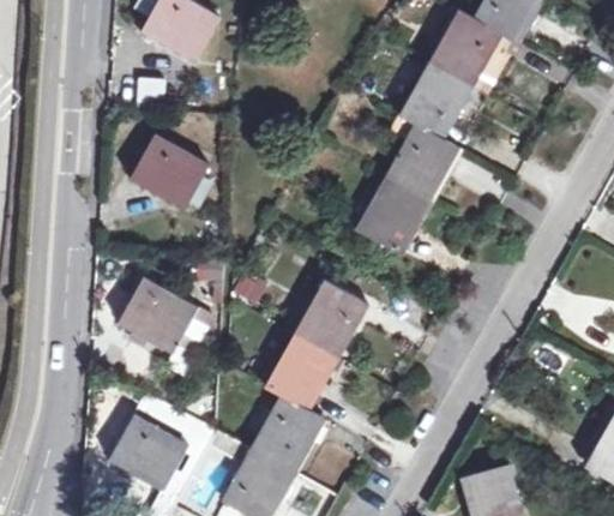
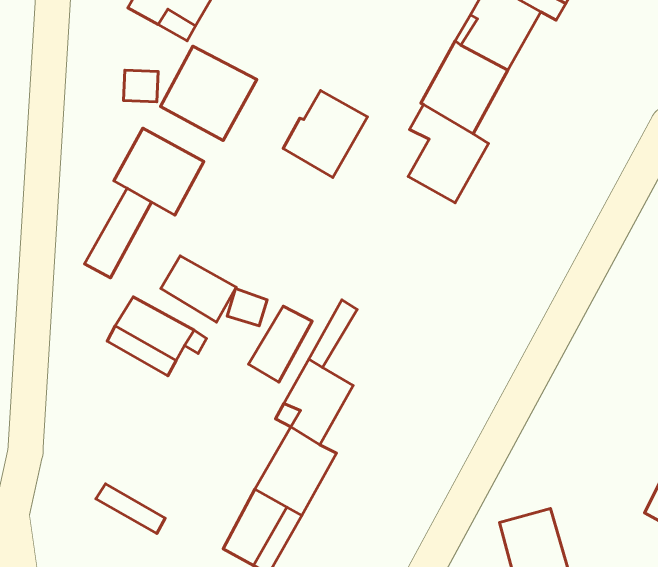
building: none -> [160,46,257,141]
building: [354,176,427,252] -> [283,90,367,178]
building: none -> [85,188,152,278]
building: none -> [161,256,236,322]
building: [312,292,367,358] -> [248,306,312,382]
building: [124,416,191,473] -> none

